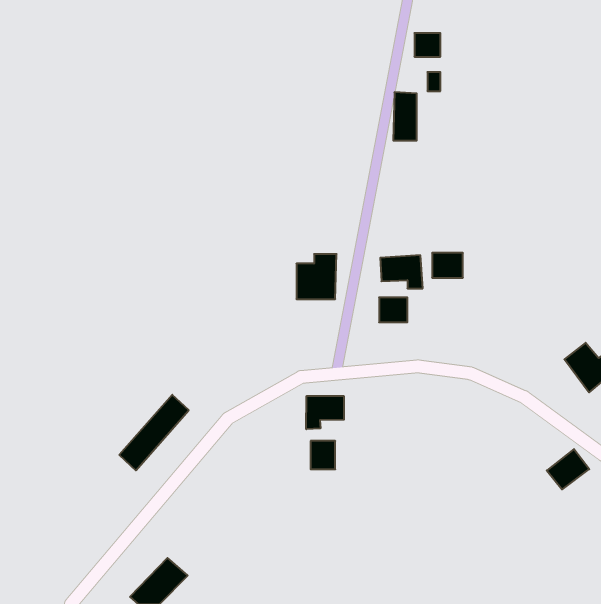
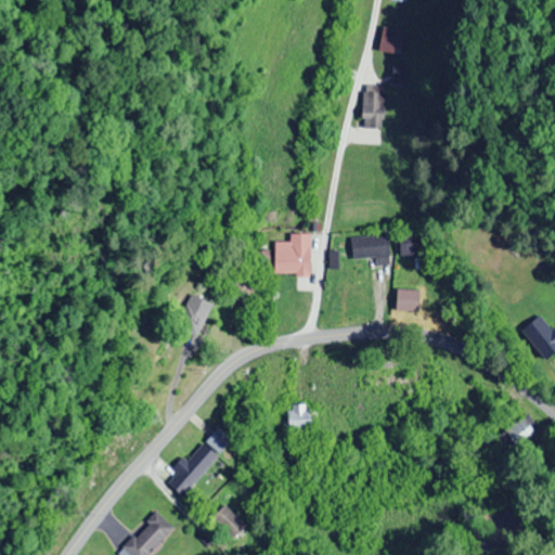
building: [379,297,407,322] -> [395,288,421,311]
building: none -> [176,295,212,337]
building: [119,395,189,470] -> [169,427,233,496]
building: [306,396,344,429] -> none
building: none -> [211,504,246,540]

